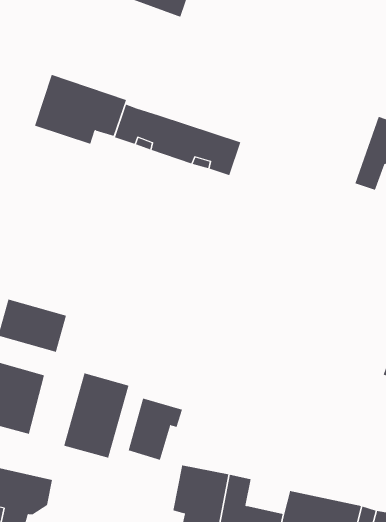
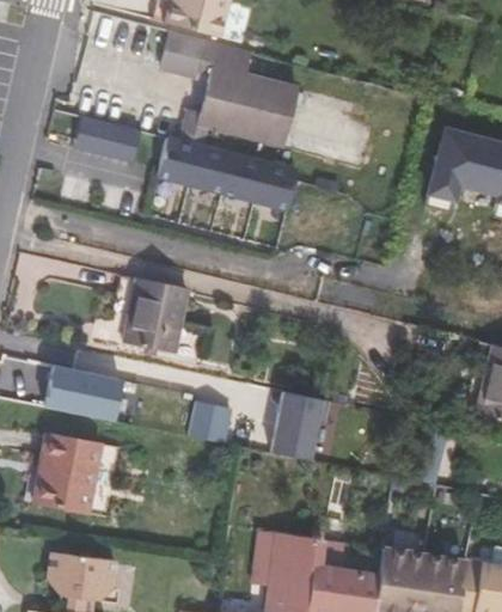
building: none -> [164,30,299,147]
building: none -> [124,276,188,354]
building: none -> [189,399,232,442]
building: [64,373,129,459] -> none
building: [128,398,183,461] -> [271,391,329,459]

